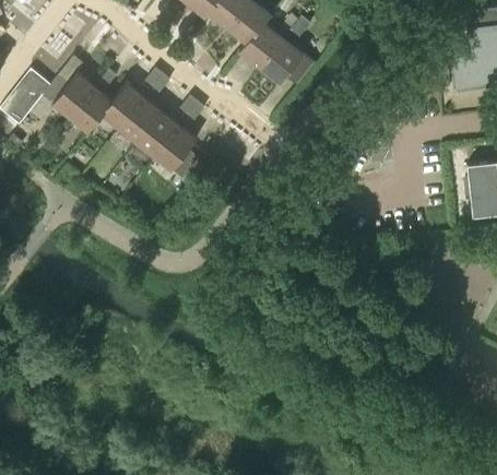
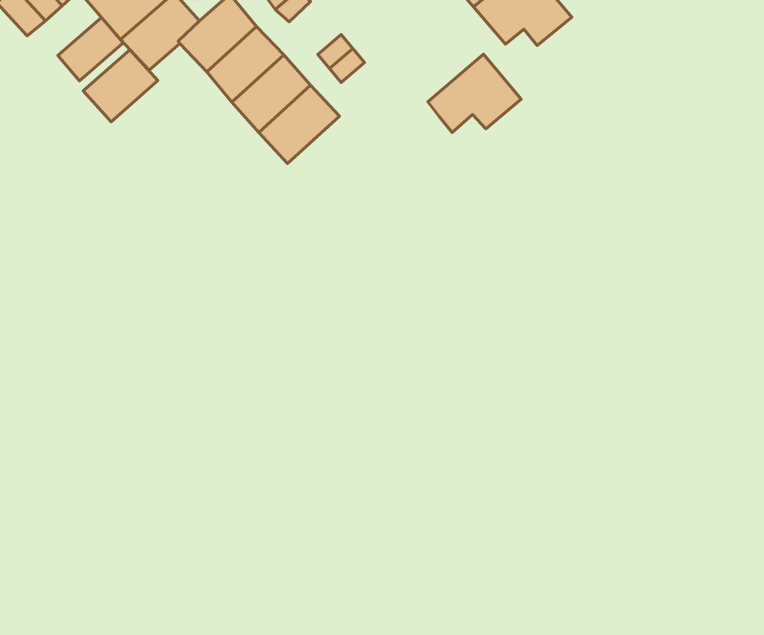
building: none -> [428,54,521,132]
building: none -> [58,17,123,81]
building: none -> [83,50,158,122]

